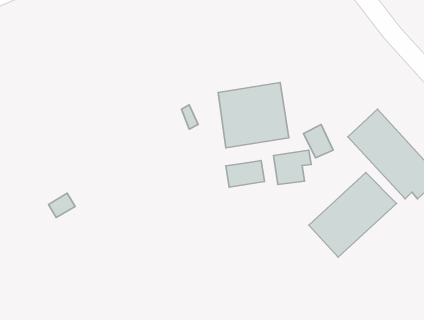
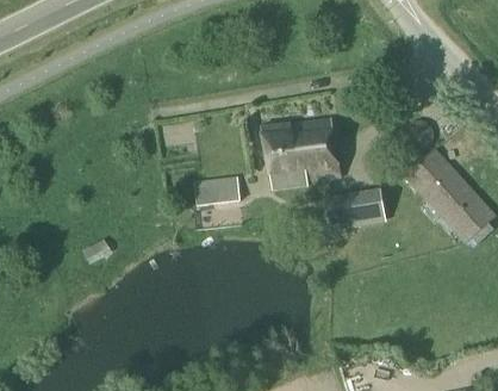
building: [226,160,265,187] -> [206,172,248,200]
building: [309,172,396,257] -> none

